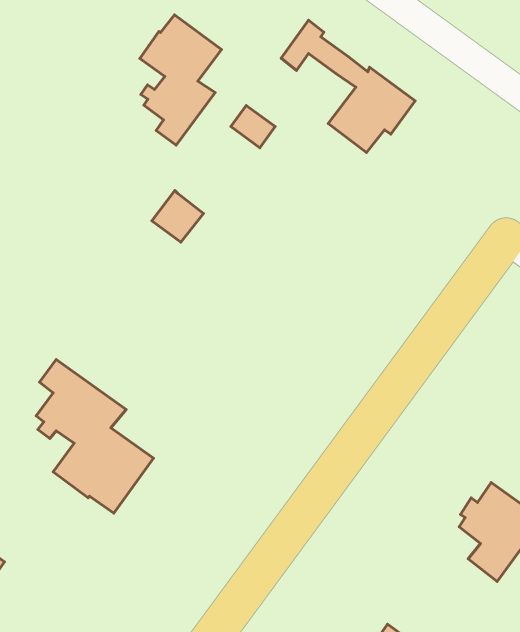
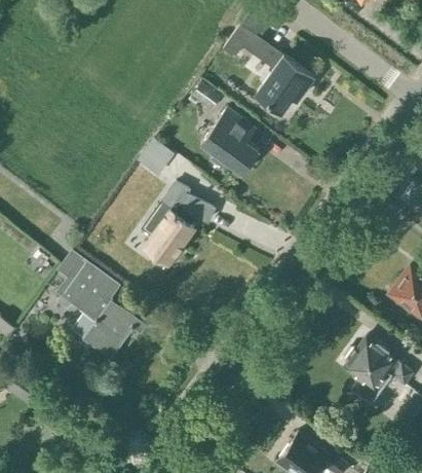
building: [140,15,222,145] -> none
building: none -> [201,107,261,175]
building: none -> [143,183,215,263]

